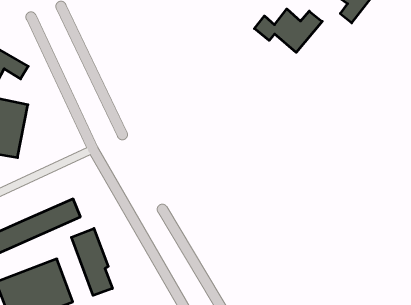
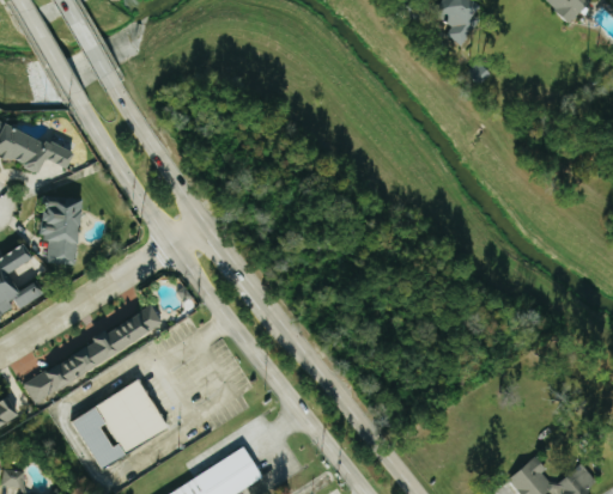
building: [254,9,322,52] -> none
building: [71,228,112,295] -> none

